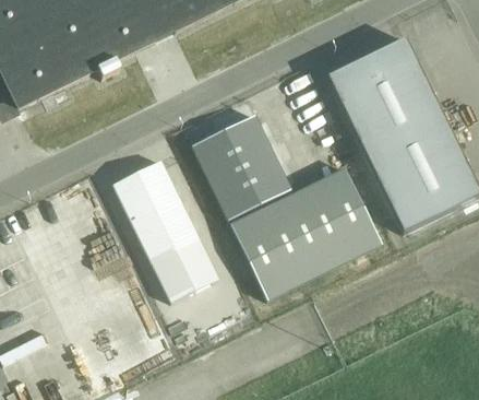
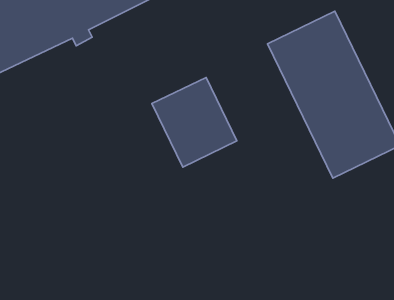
building: [113,161,219,302] -> none
building: [230,167,383,301] -> none

